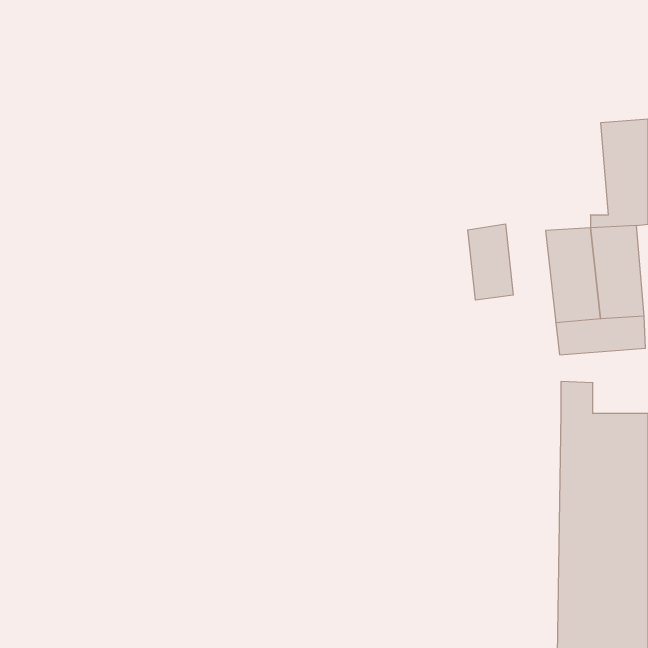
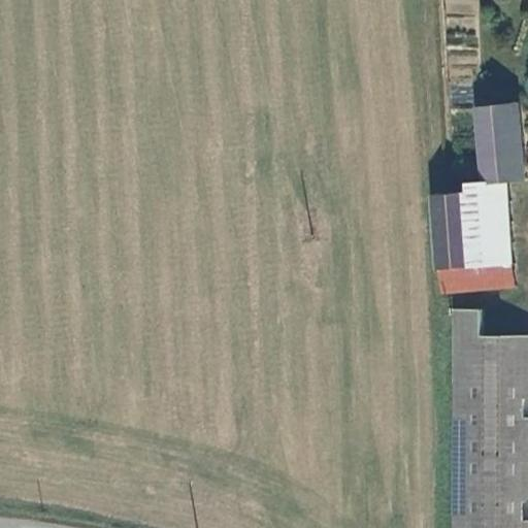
building: [468,224,513,300] -> none

